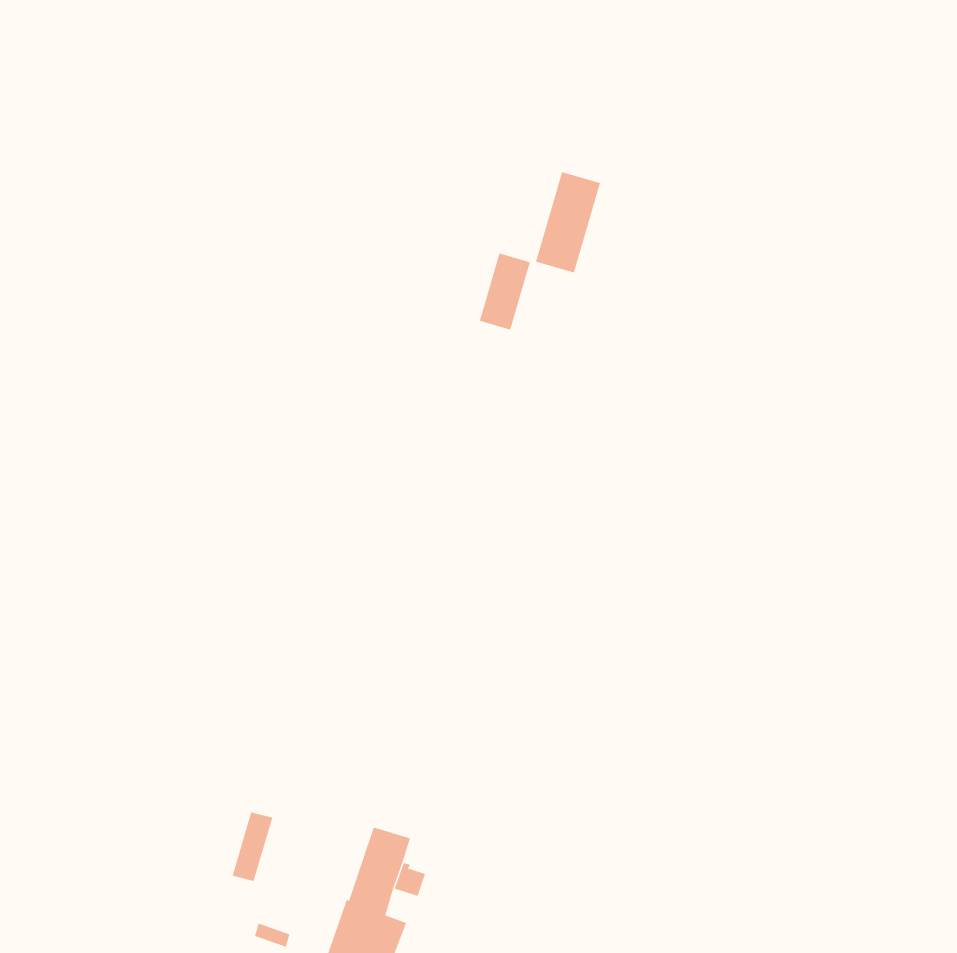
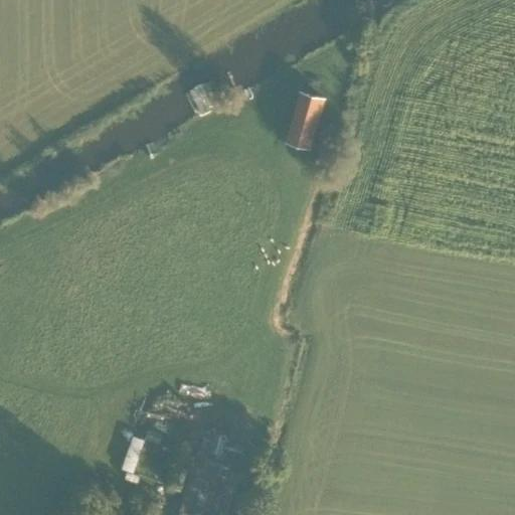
building: [479,252,531,330] -> none

